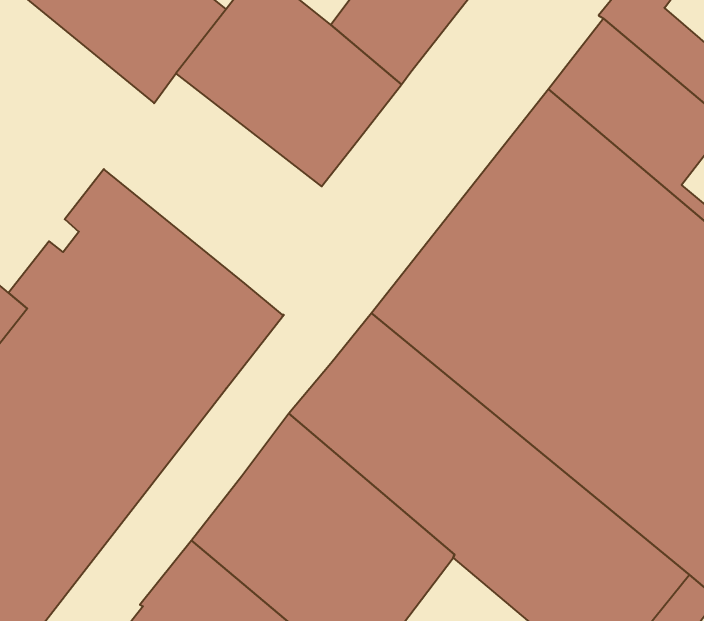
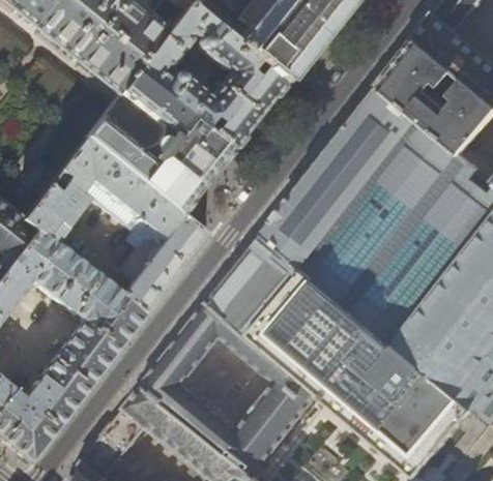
building: none -> [85,77,229,215]

